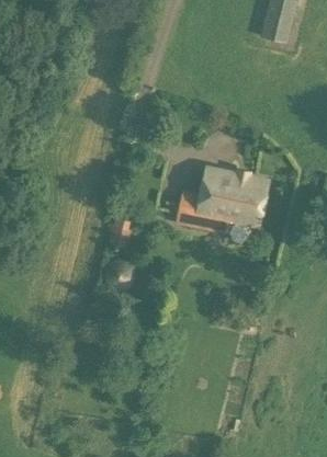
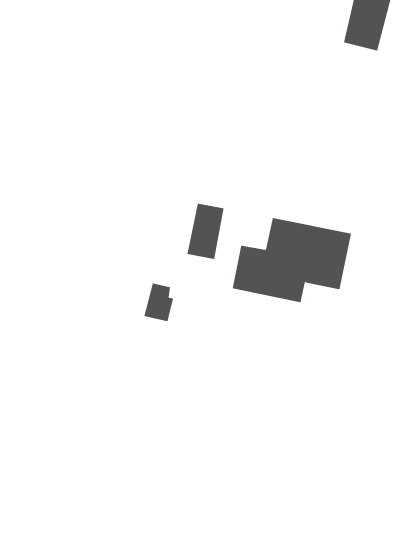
building: none -> [187,203,224,260]

